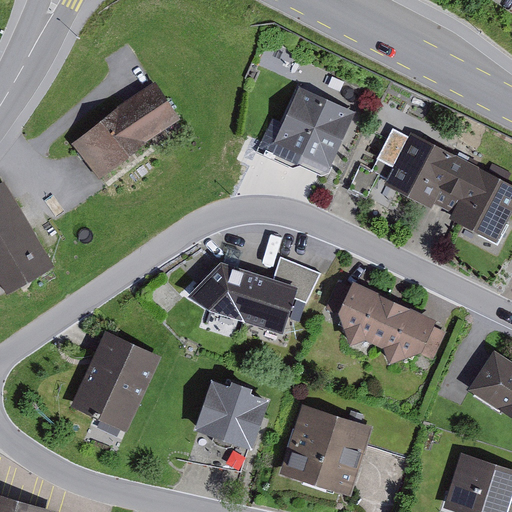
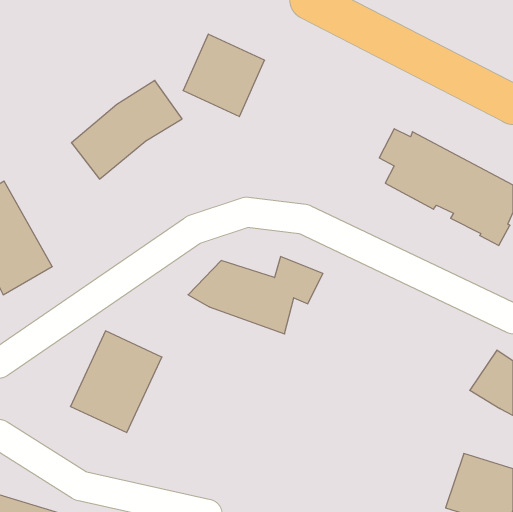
building: [273,87,354,169] -> [183,34,265,117]
building: [337,280,445,363] -> none
building: [193,379,269,450] -> none
building: [279,404,373,496] -> none

